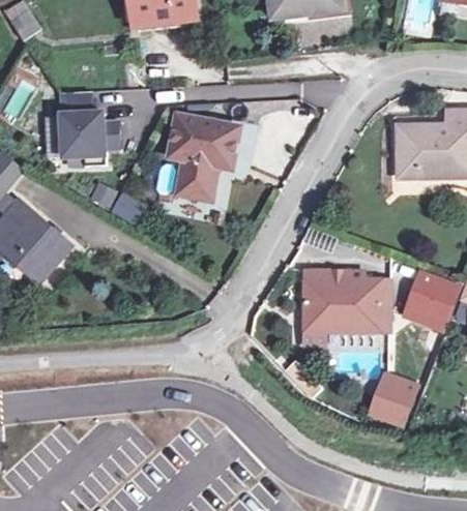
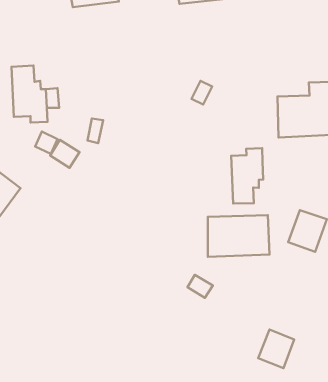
building: [167,112,235,192] -> none
building: none -> [231,148,263,204]
building: [377,373,422,422] -> [258,330,294,368]

